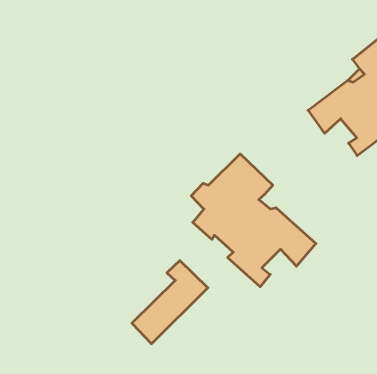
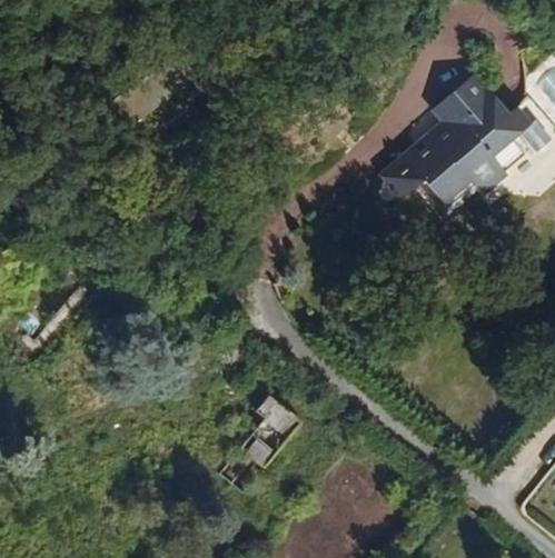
building: [191,154,316,287] -> none

